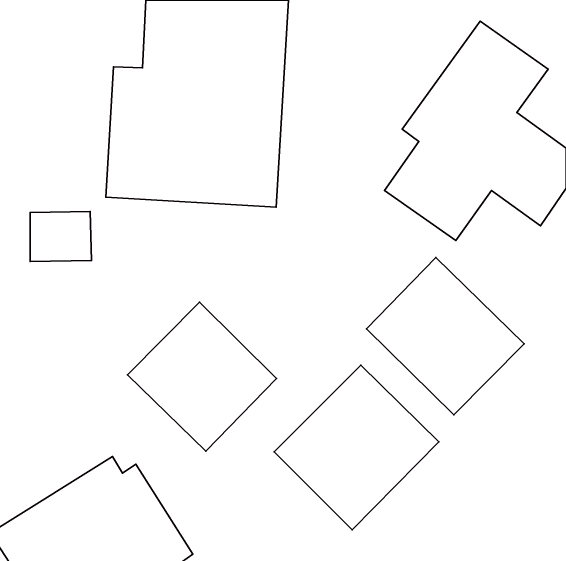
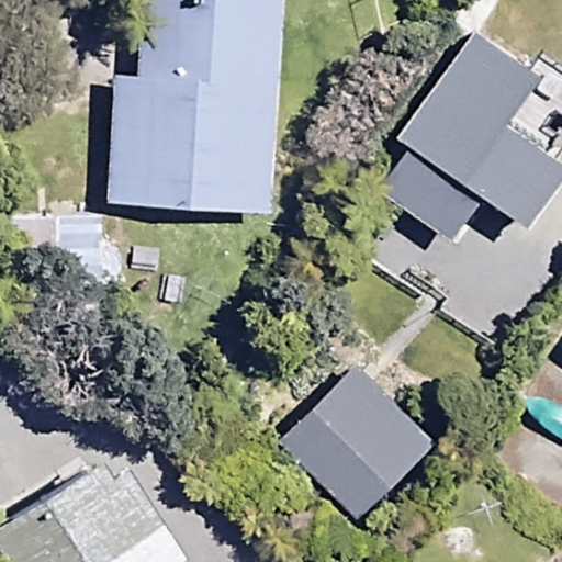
building: [366,257,524,415] -> none
building: [128,302,277,451] -> none

